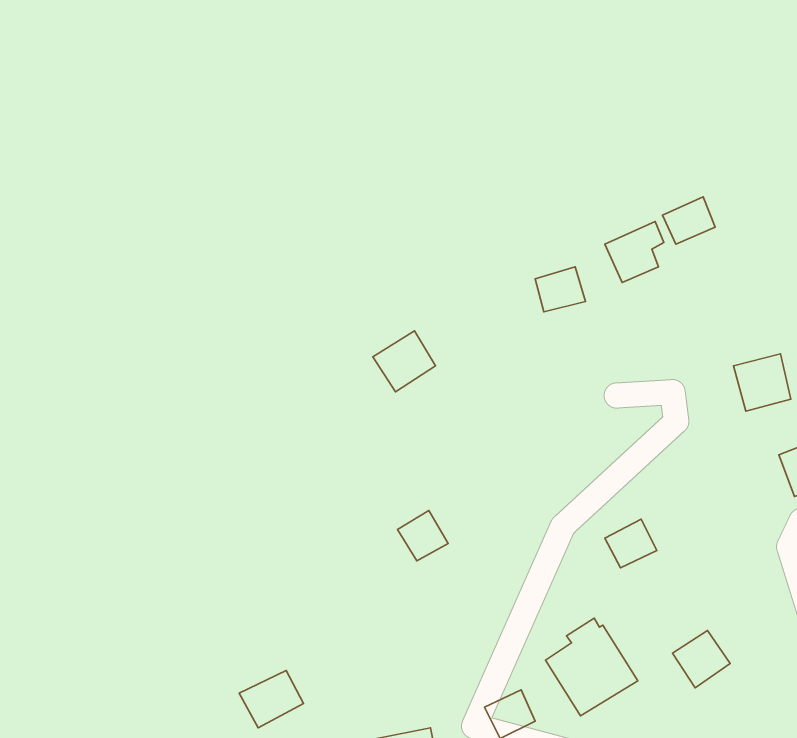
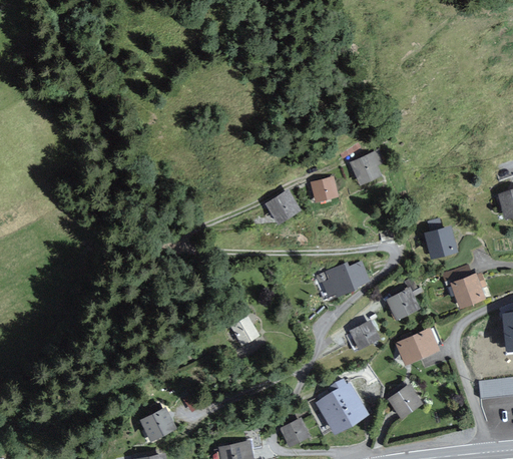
building: [663,197,715,244] -> none
building: [373,331,435,392] -> [265,189,301,224]
building: none -> [316,261,370,301]
building: none -> [386,289,420,320]
building: none -> [395,328,439,363]

